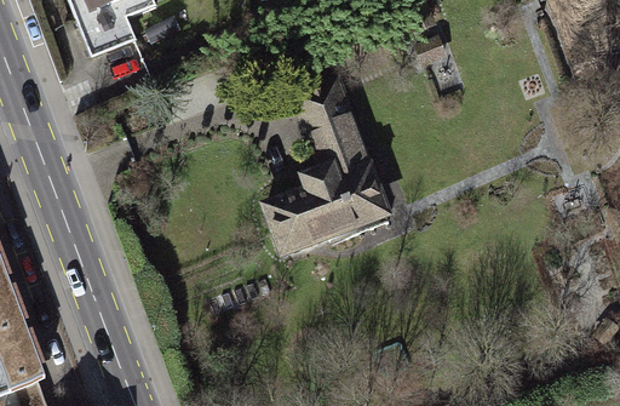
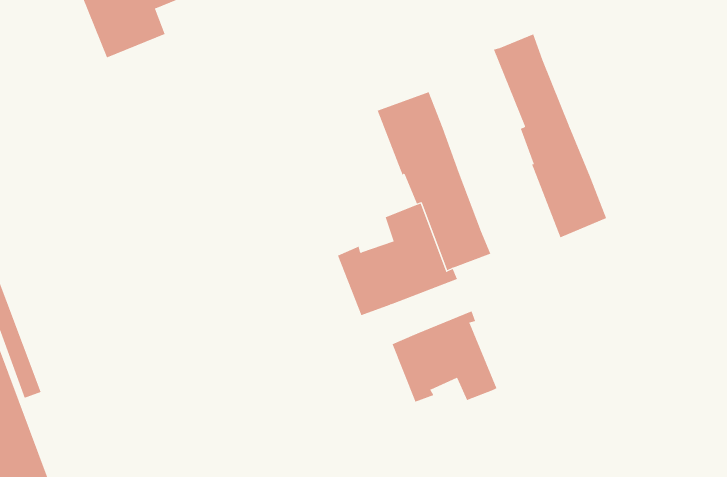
building: none -> [493,33,607,238]
building: none -> [392,310,497,402]

